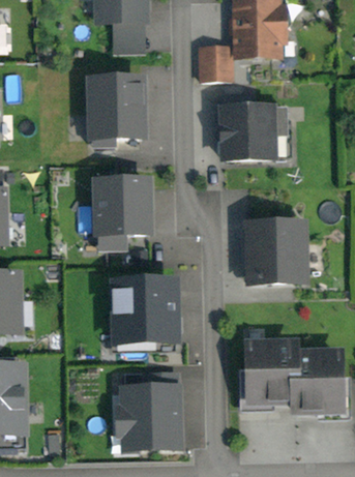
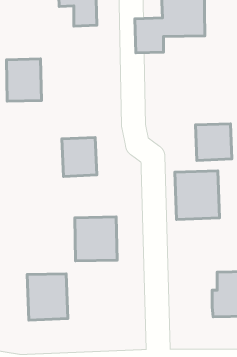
building: [96,83,141,137] -> [6,59,41,101]
building: [228,110,274,156] -> [195,124,232,160]
building: [252,342,300,399] -> none
building: [127,387,179,446] -> [27,274,68,320]

